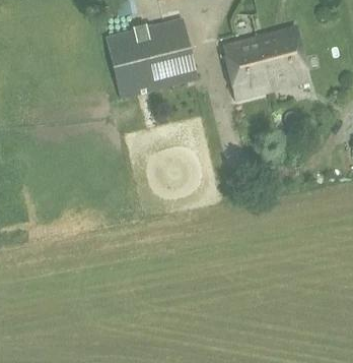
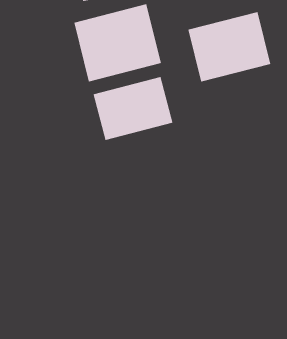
building: none -> [93,76,173,141]

